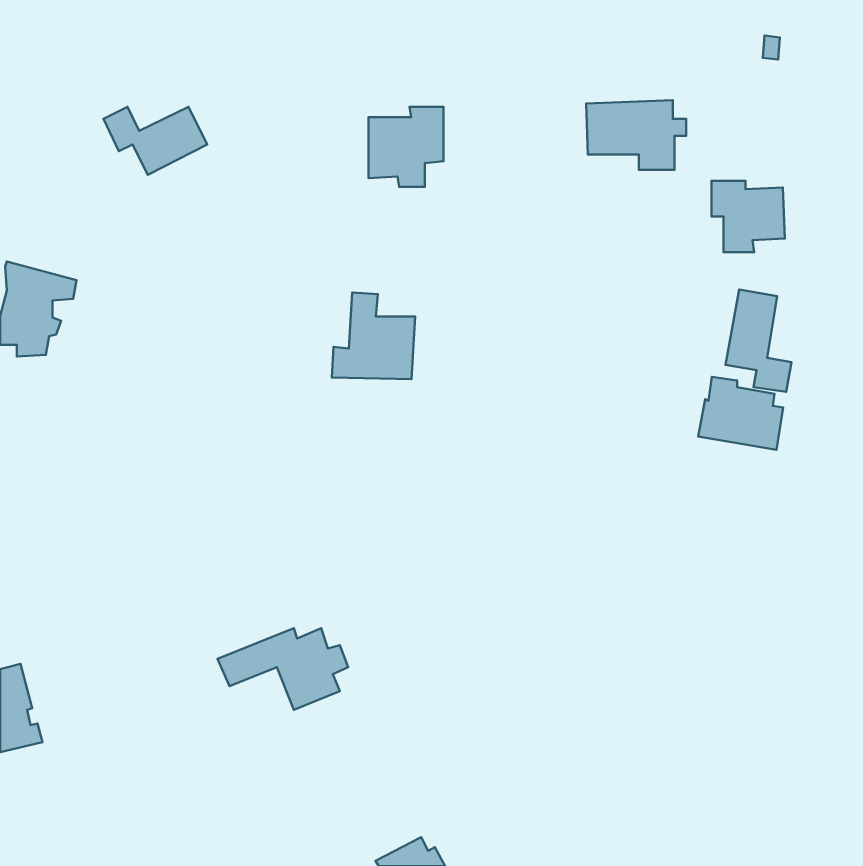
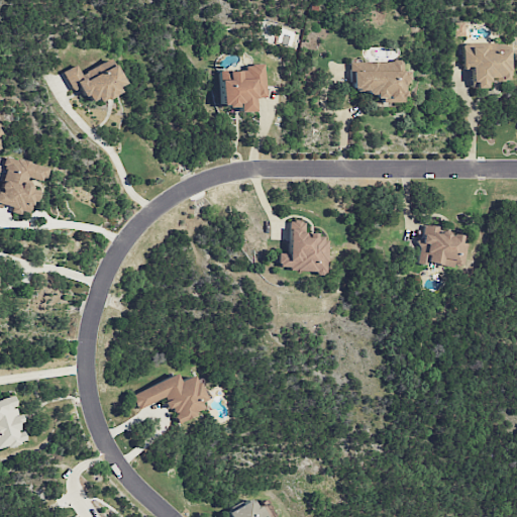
building: [712,181,785,252] -> [464,44,508,87]
building: [726,289,791,392] -> none
building: [332,293,415,379] -> [280,219,329,271]

